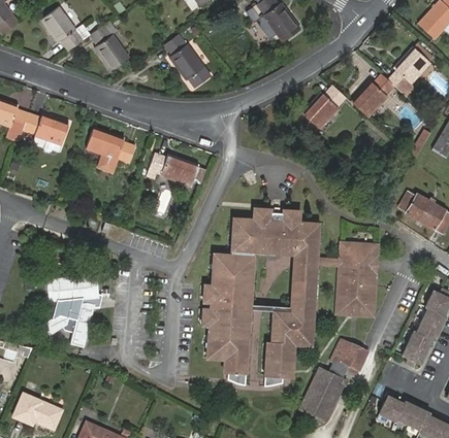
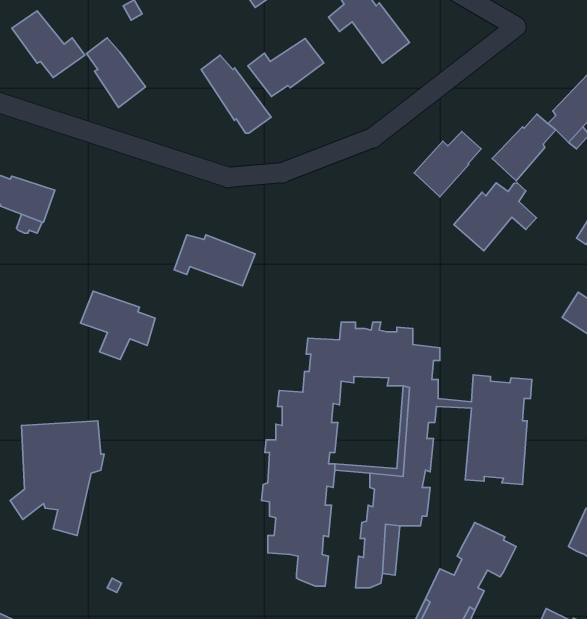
building: none -> [248,39,324,96]
building: none -> [454,183,536,251]
building: [86,127,134,171] -> [80,291,155,360]

